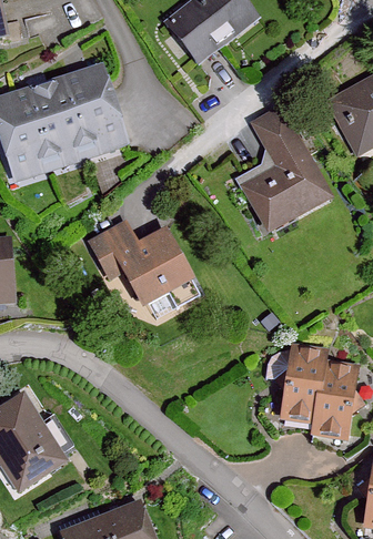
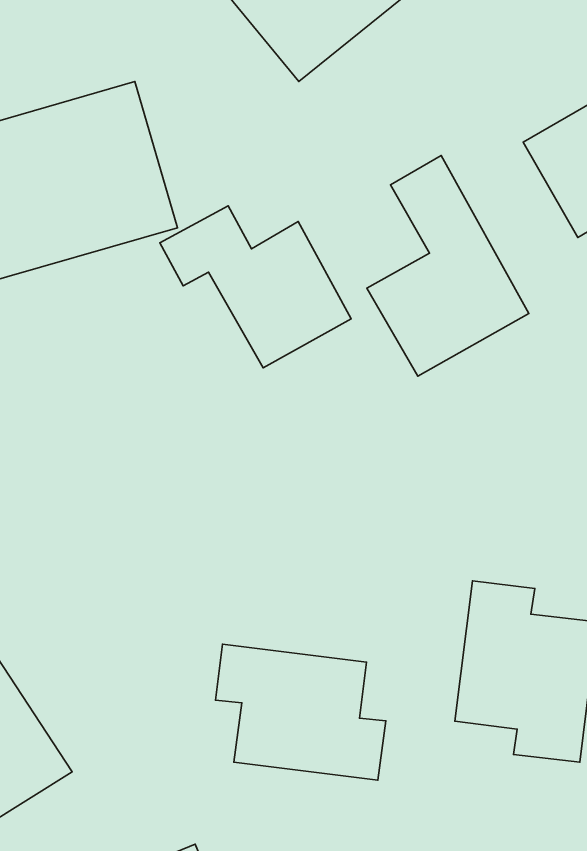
building: [85,220,194,312] -> [160,206,351,368]
building: none -> [216,644,386,780]

